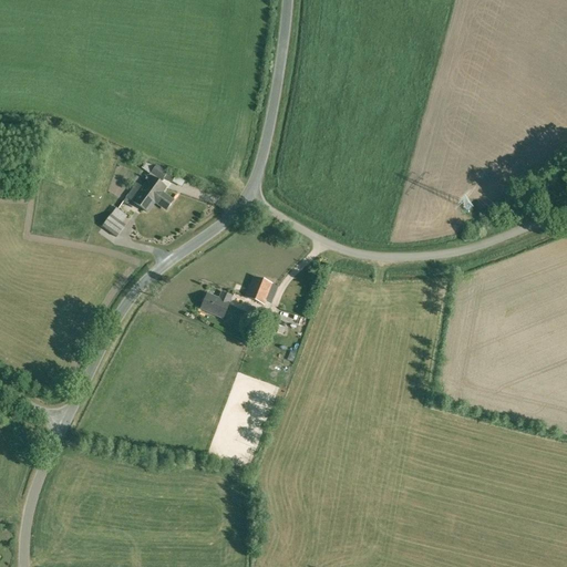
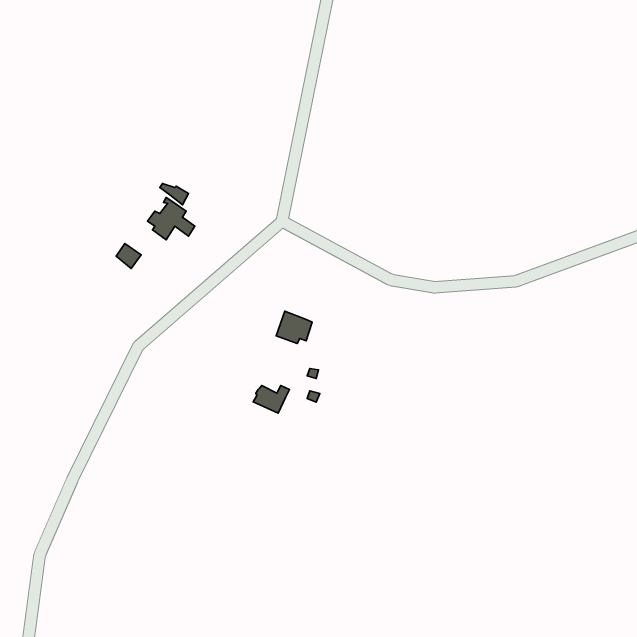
building: [200,293,233,318] -> [253,386,289,413]

